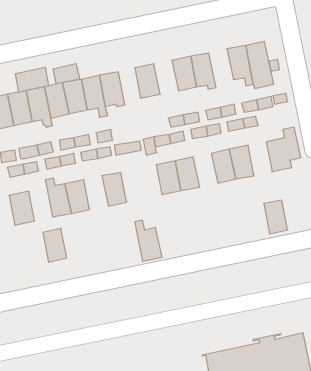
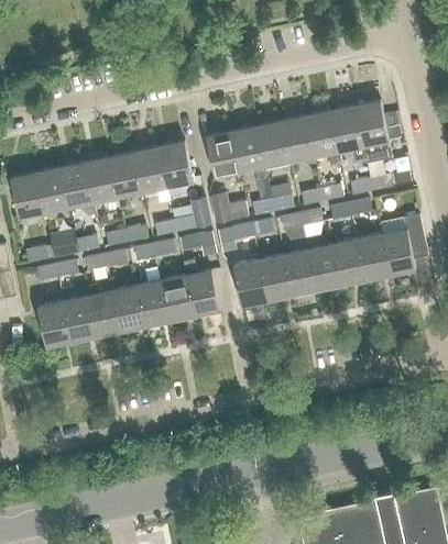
building: none -> [305,110,340,165]
building: none -> [231,125,266,178]
building: [53,64,80,84] -> none
building: [15,67,49,92] -> none
building: none -> [209,193,248,223]
building: none -> [174,198,210,232]
building: none -> [284,249,317,295]
building: none -> [138,279,171,324]
building: [264,200,288,234] -> [358,234,390,279]
building: [135,220,162,261] -> [185,259,221,314]
building: [43,228,67,262] -> [64,295,96,340]

